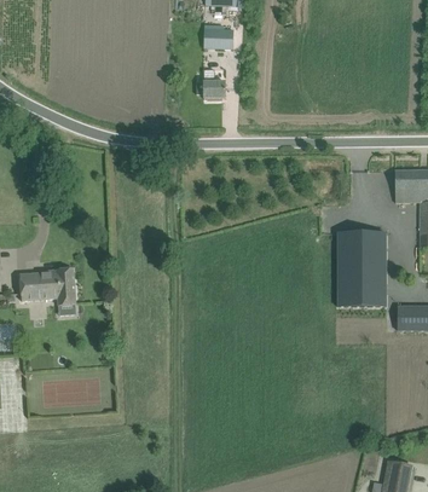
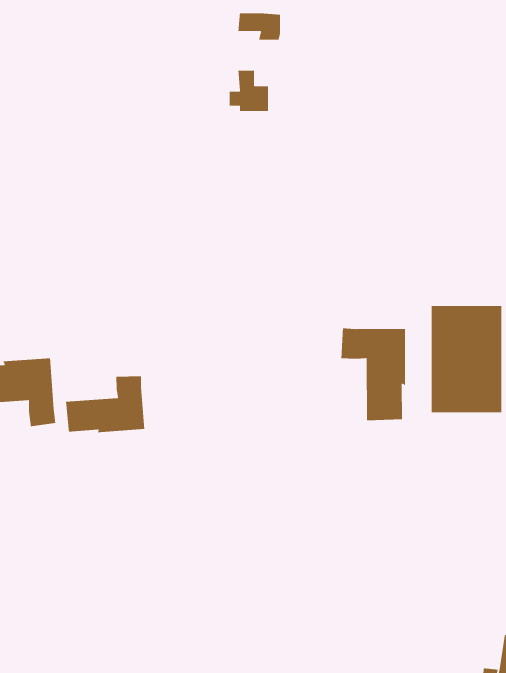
building: none -> [341,328,406,421]
building: none -> [65,376,145,433]

